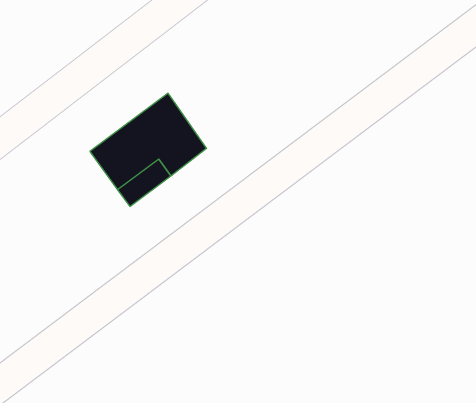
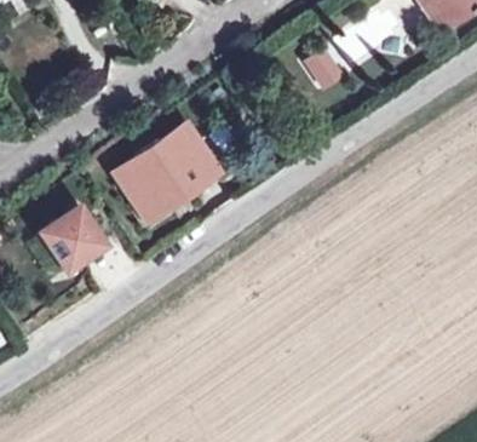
building: none -> [42,206,105,268]

